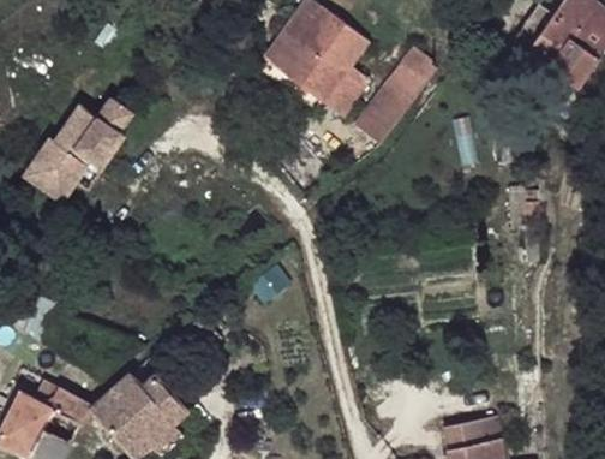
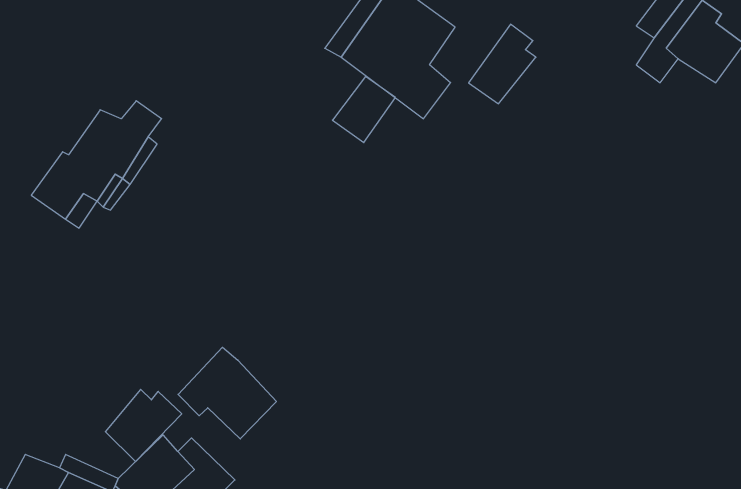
building: [352,87,402,139] -> [332,77,395,143]
building: none -> [178,347,276,439]
building: none -> [105,389,182,461]

